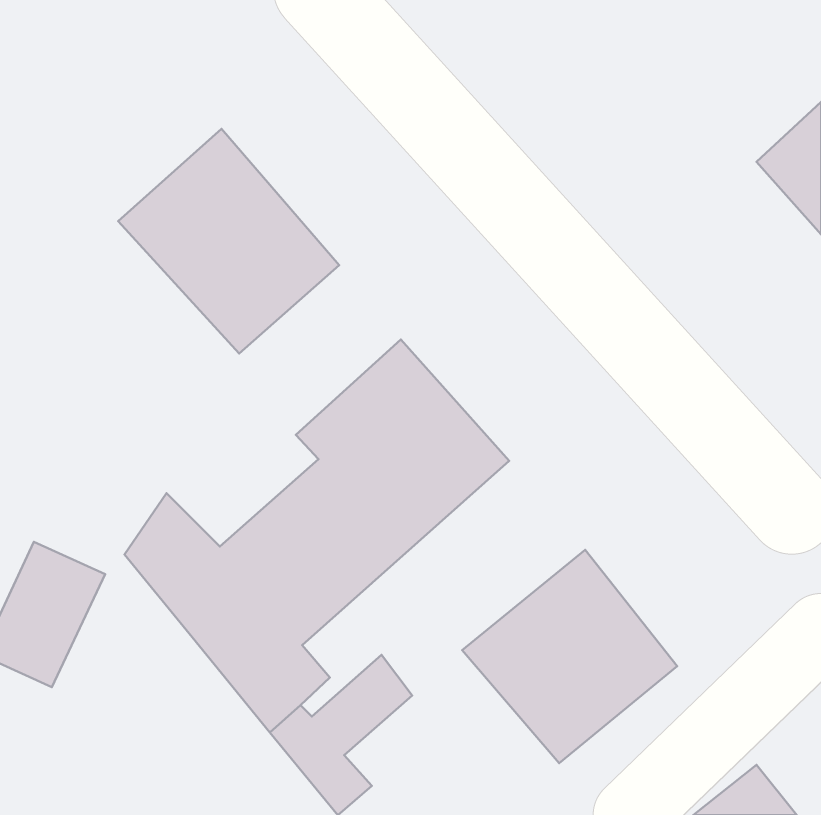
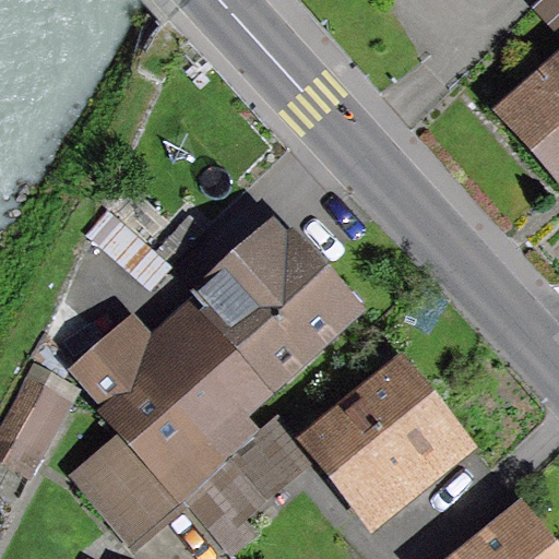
building: [118,129,339,354] -> none
building: none -> [79,430,182,537]

